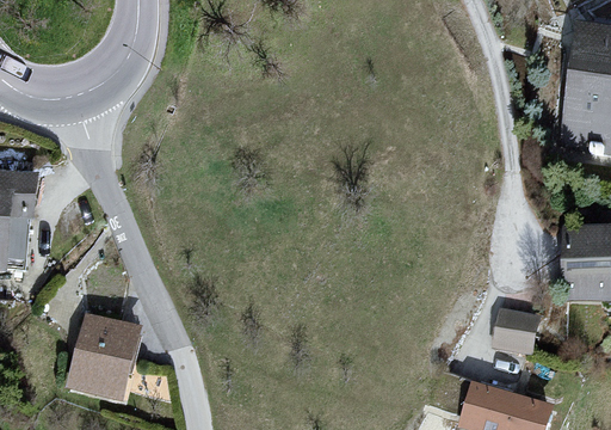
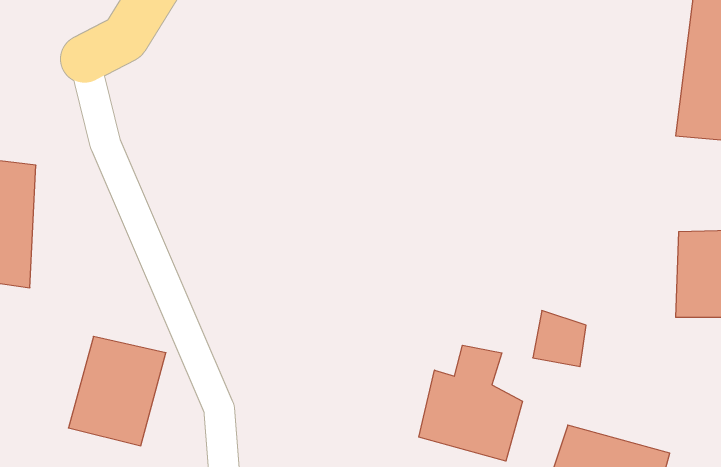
building: [494,305,537,350] -> [533,311,586,367]
building: none -> [419,345,523,461]

